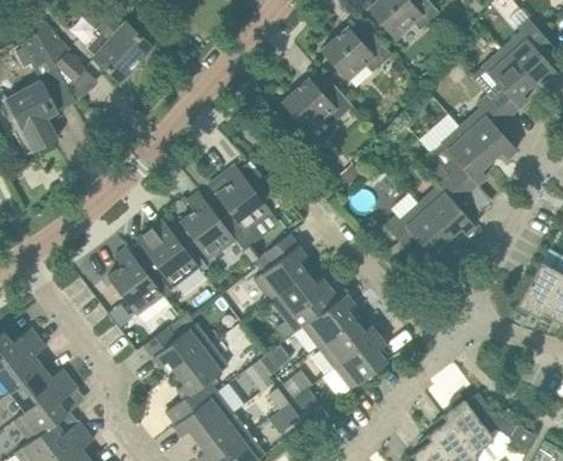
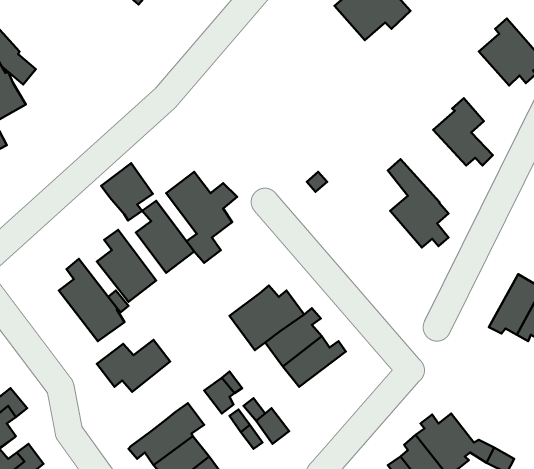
building: [87,11,151,80] -> none
building: [322,25,392,80] -> none
building: [484,50,533,116] -> none
building: [282,76,354,131] -> none
building: [430,124,492,192] -> none
building: none -> [101,163,153,220]
building: [386,201,451,260] -> none
building: [252,233,306,300] -> none
building: [335,333,387,388] -> none
building: [166,343,228,423] -> none

